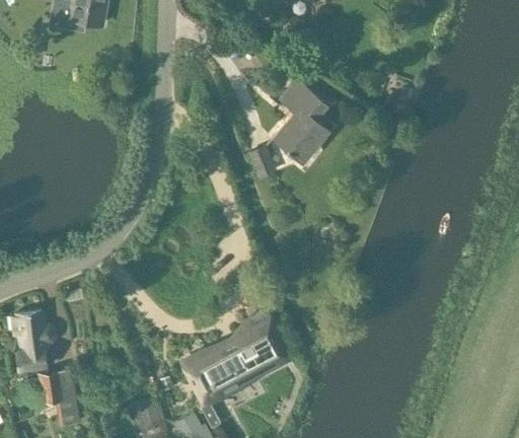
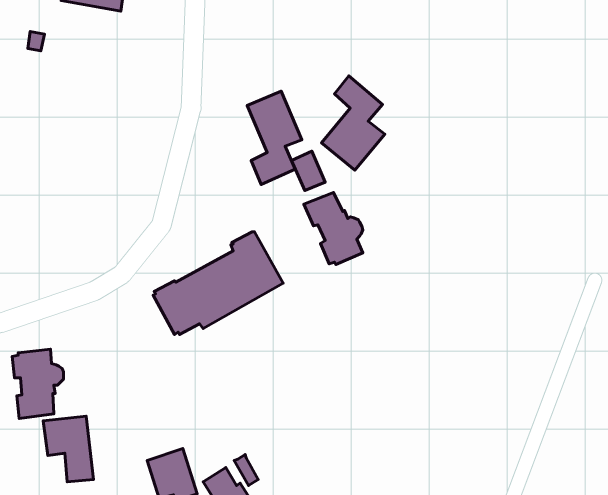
building: none -> [247,91,302,185]
building: none -> [304,193,363,264]
building: [181,312,292,399] -> [153,232,283,335]

